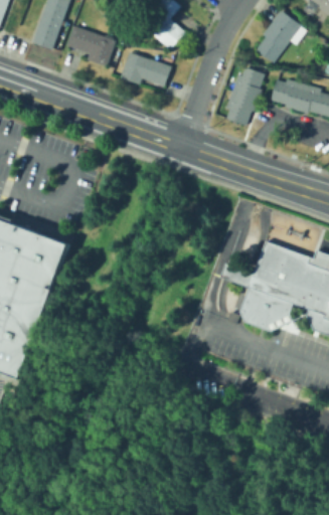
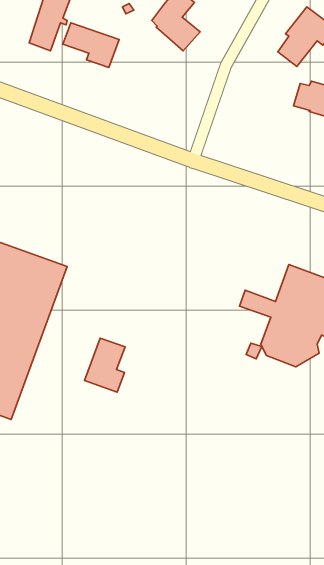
building: [120,51,172,87] -> none
building: [224,64,264,124] -> none
building: none -> [85,338,125,392]

